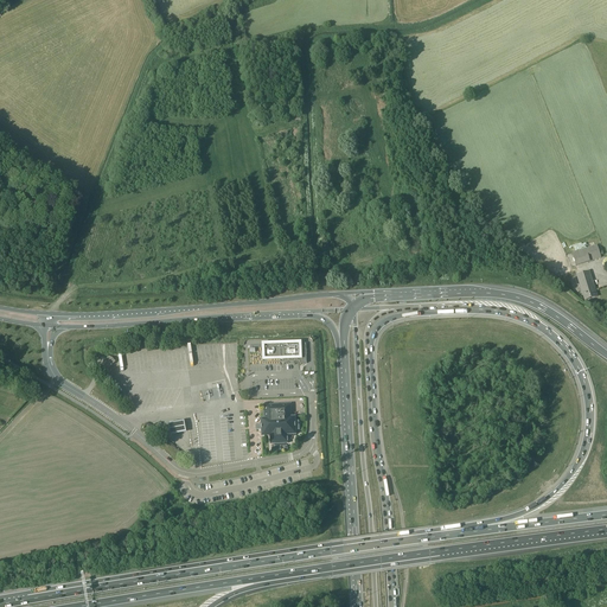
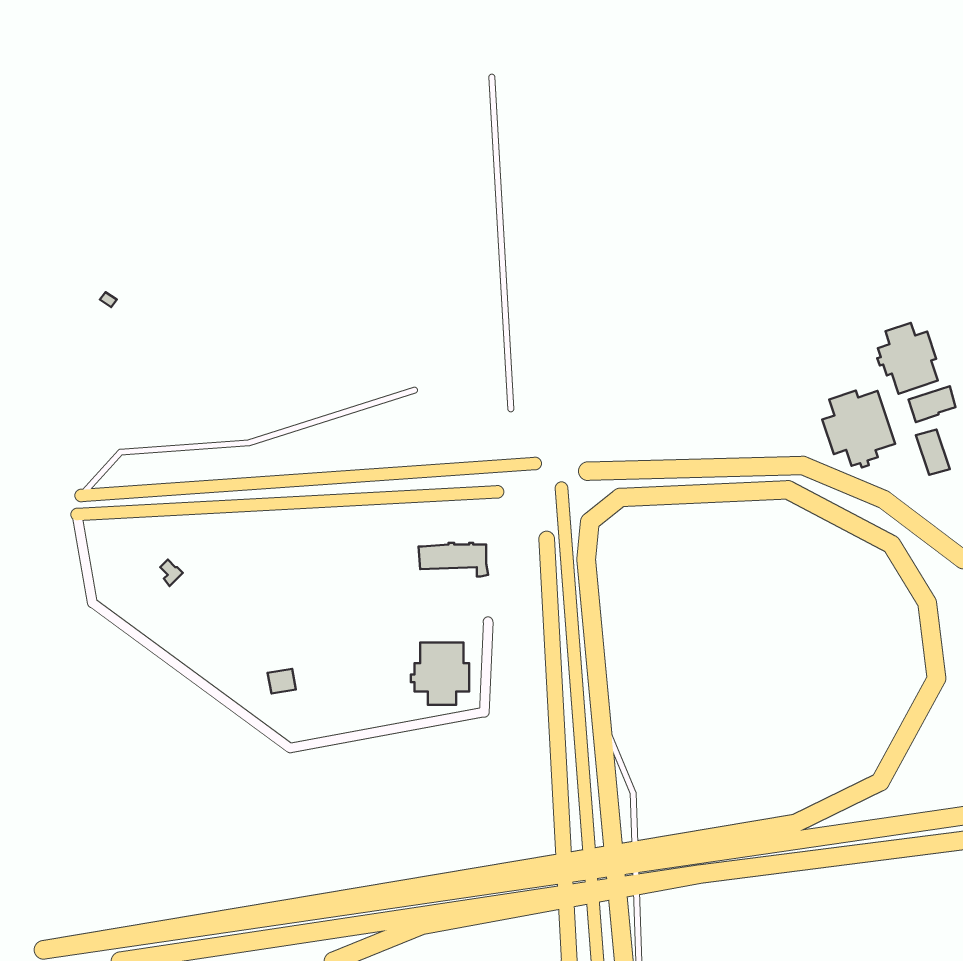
building: none -> [877,323,938,394]
building: none -> [822,391,895,468]

